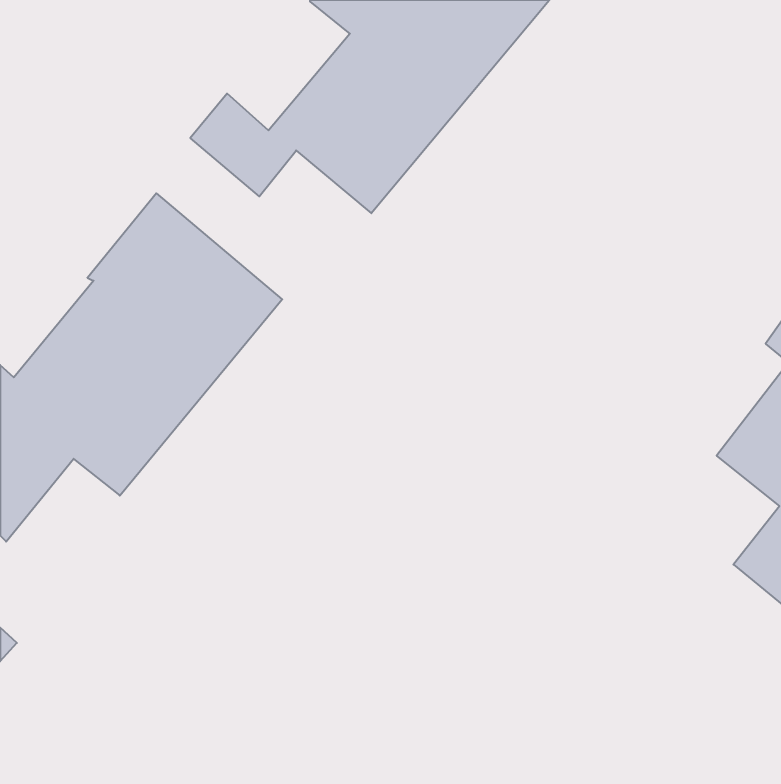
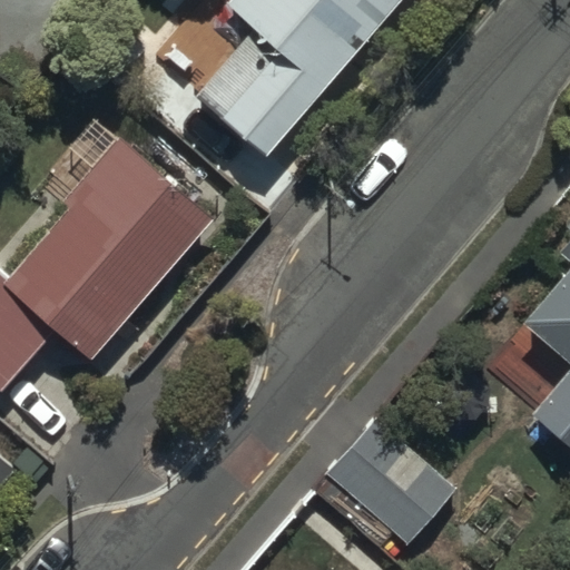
building: none -> [321,420,451,543]

